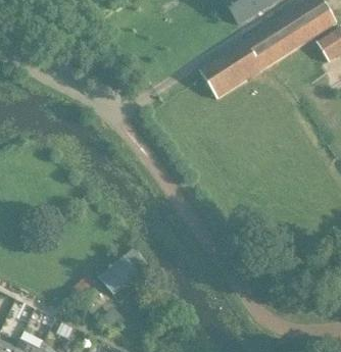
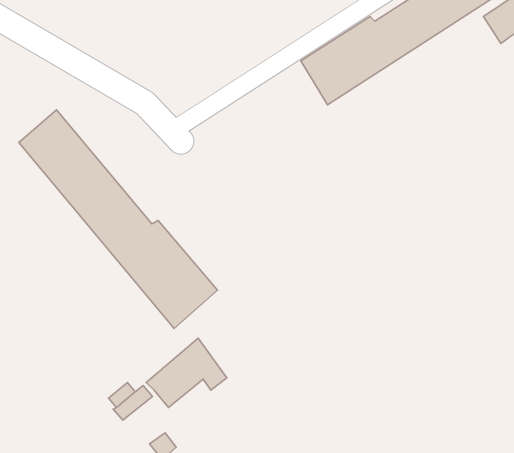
building: none -> [19,110,217,329]

